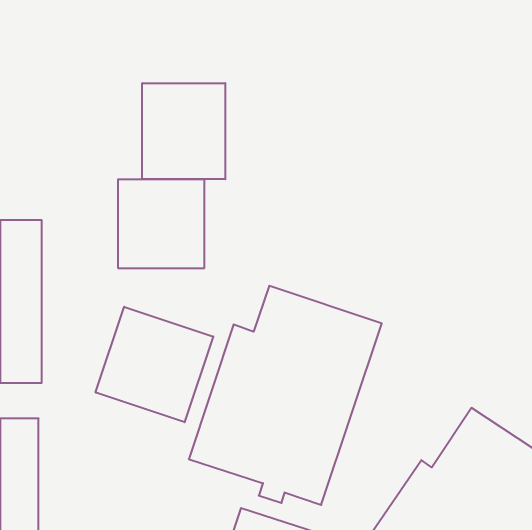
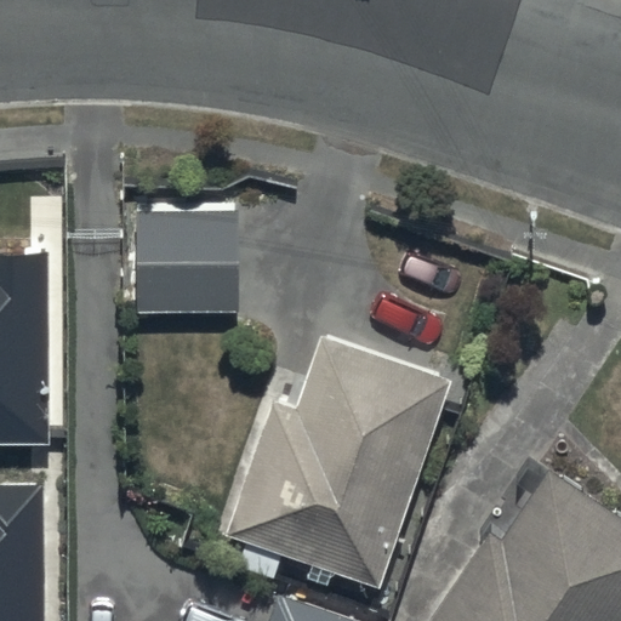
building: [142,83,225,179] -> none
building: [96,307,213,422] -> none

